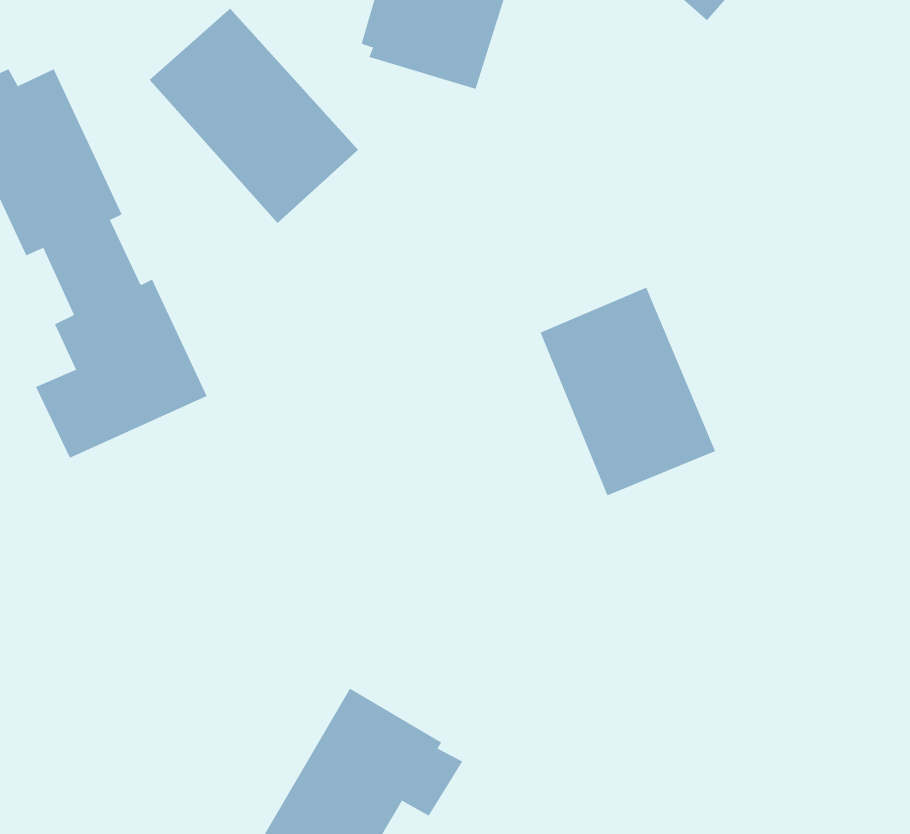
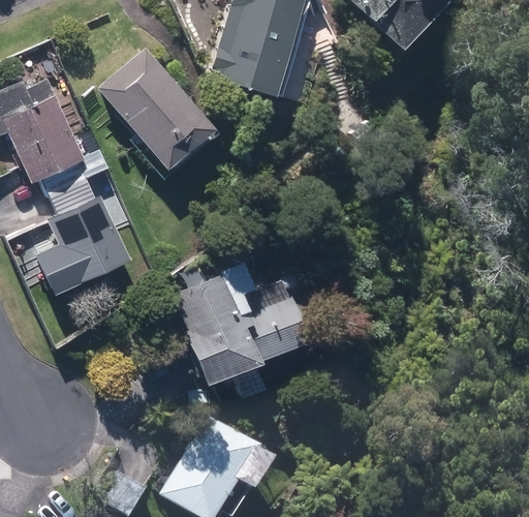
building: [540,287,716,496] -> none
building: none -> [173,267,311,379]

